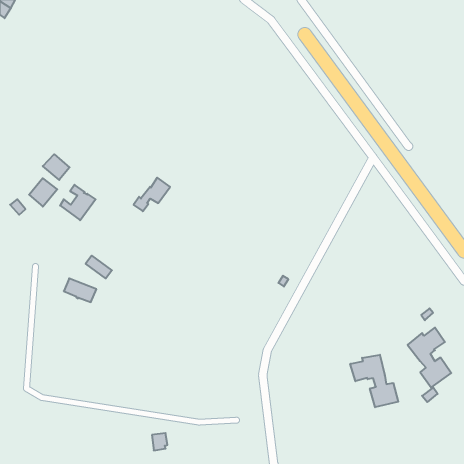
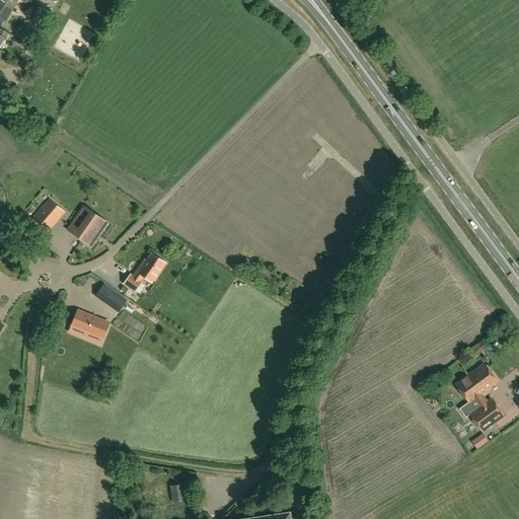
building: [43,154,70,180] -> none
building: [134,178,170,211] -> [124,252,164,290]
building: [350,355,398,407] -> none

